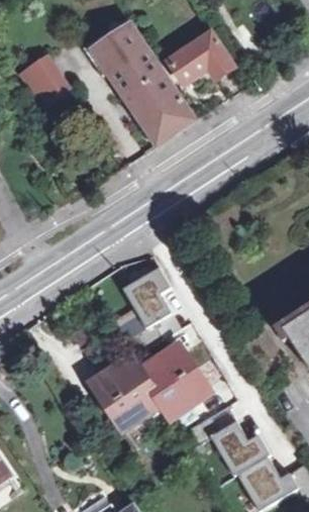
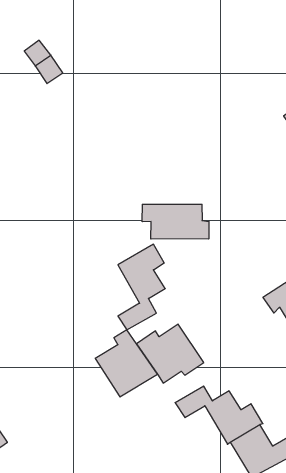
building: [90,26,191,145] -> none
building: [166,34,228,85] -> none
building: none -> [142,204,209,239]

